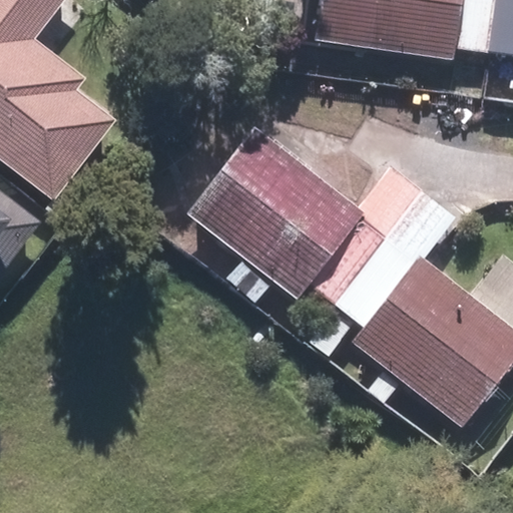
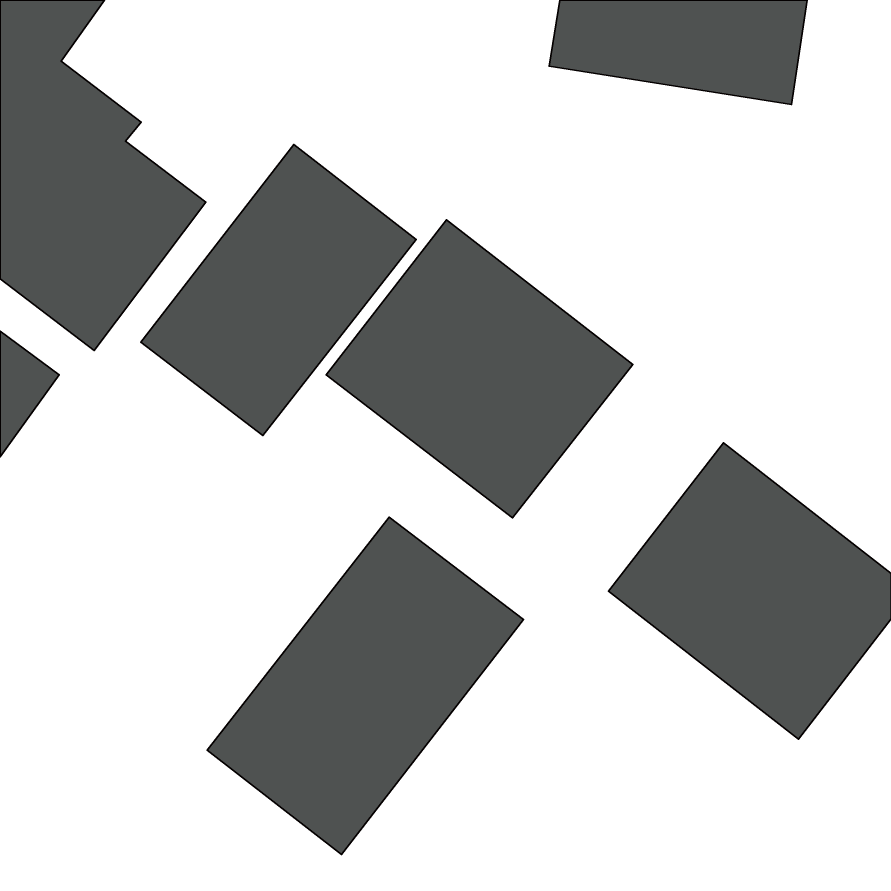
building: none -> [141,145,416,436]
building: none -> [207,517,523,854]

